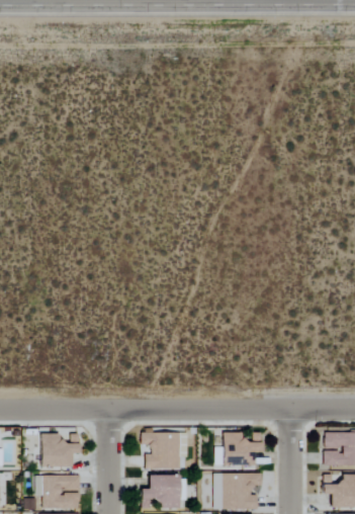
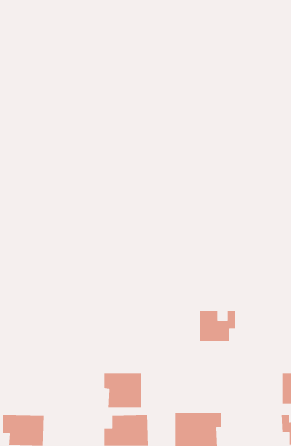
building: [224,433,261,465] -> [199,310,236,342]
building: [40,434,79,467] -> none

